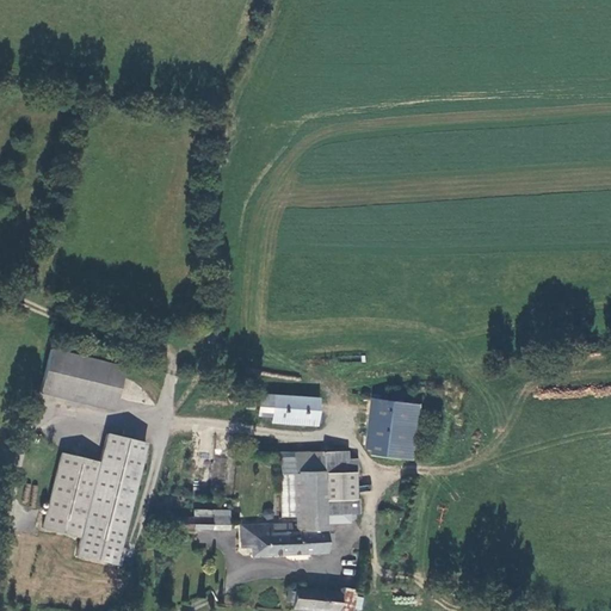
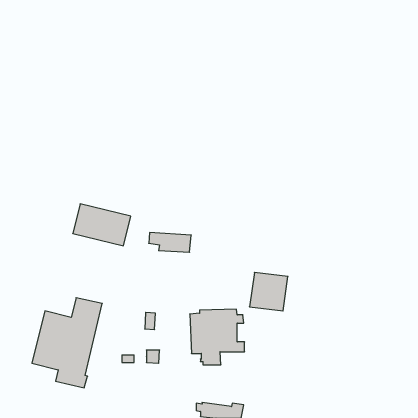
building: [43,350,128,411] -> [73,204,131,246]
building: [253,394,315,422] -> [149,233,191,252]
building: [239,524,323,556] -> none

